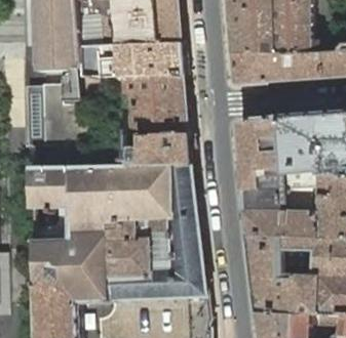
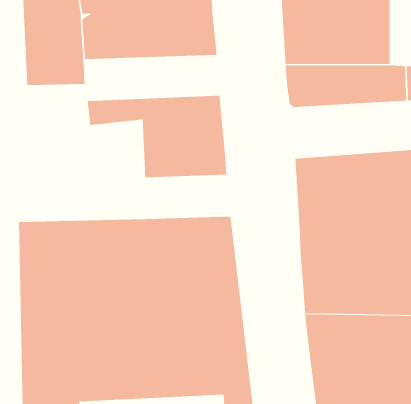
building: [80,44,182,78] -> none
building: [25,78,97,145] -> none
building: [125,133,190,166] -> none

